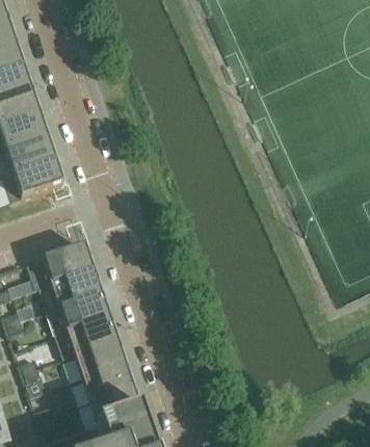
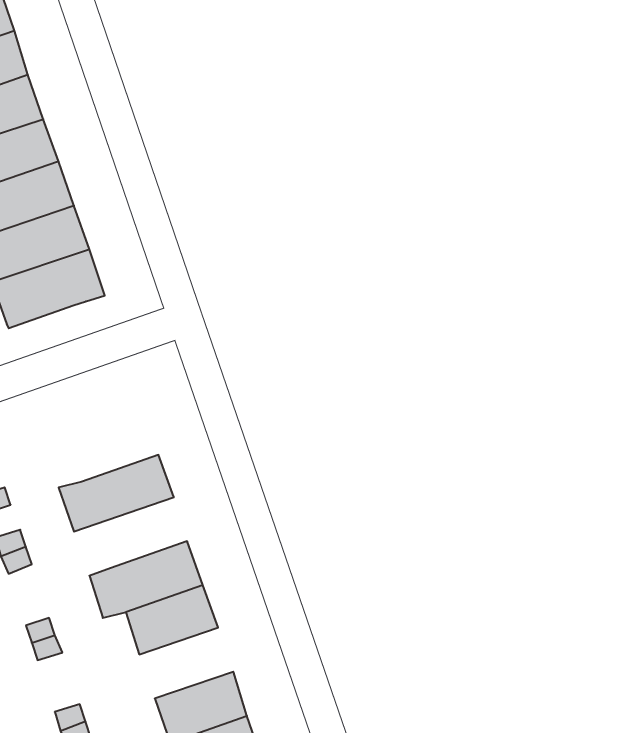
building: [27,243,94,288] -> none
building: [48,291,109,334] -> none
building: [83,362,134,400] -> none

